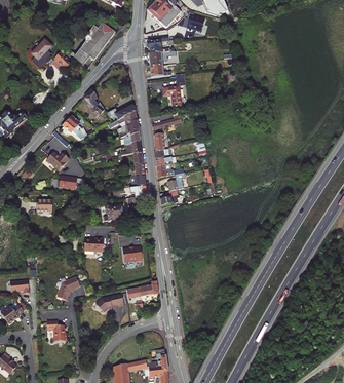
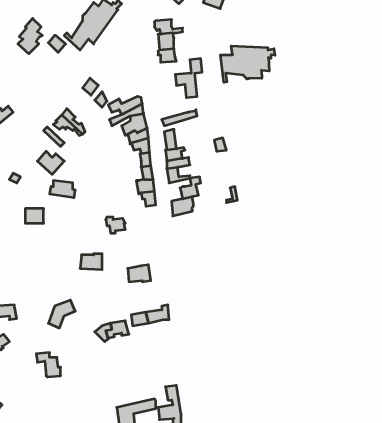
building: none -> [221,46,275,82]

